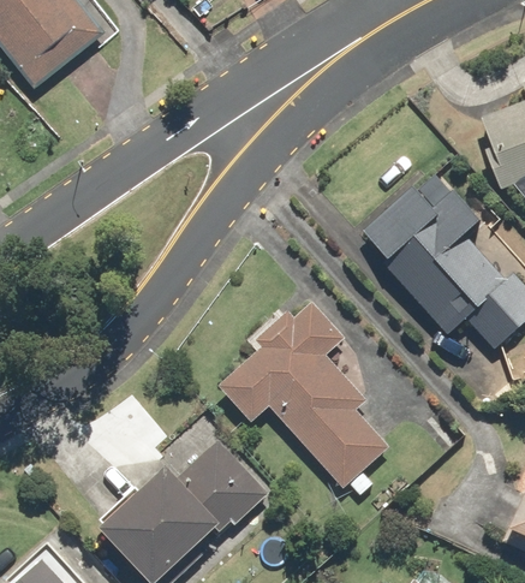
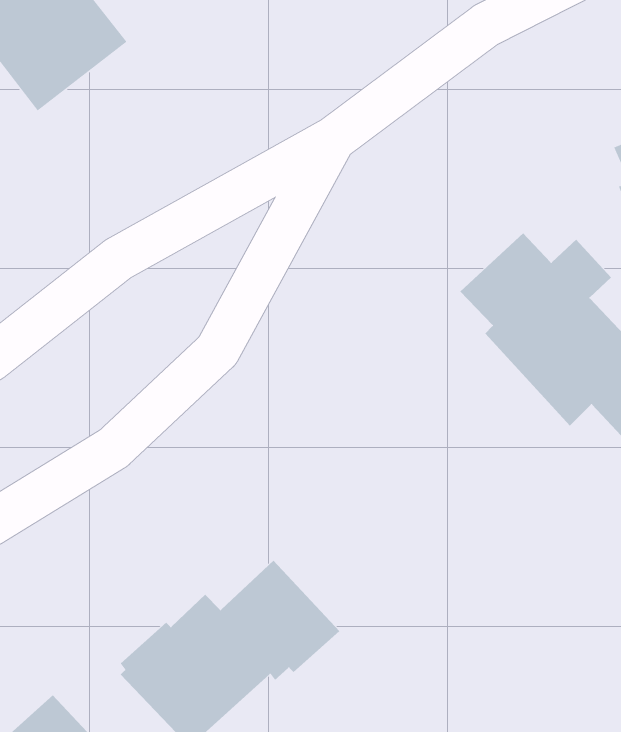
building: [219,302,390,488] -> none

